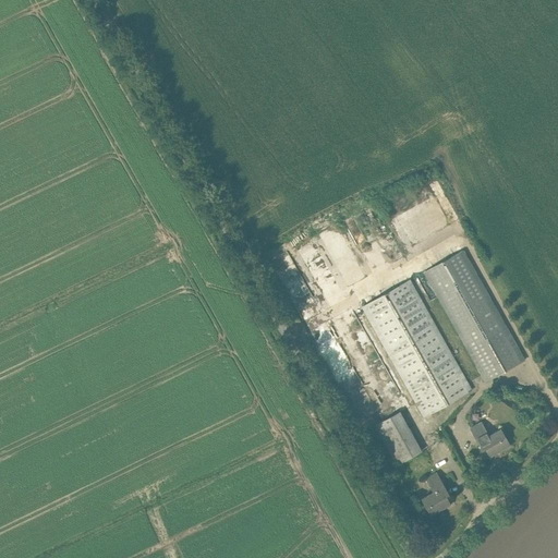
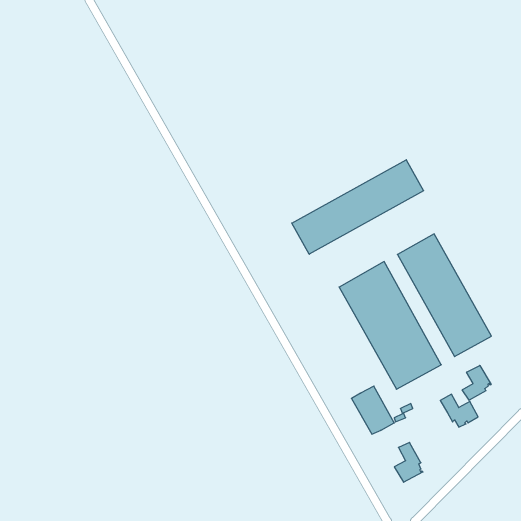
building: none -> [292,160,424,254]
building: none -> [462,365,491,400]

